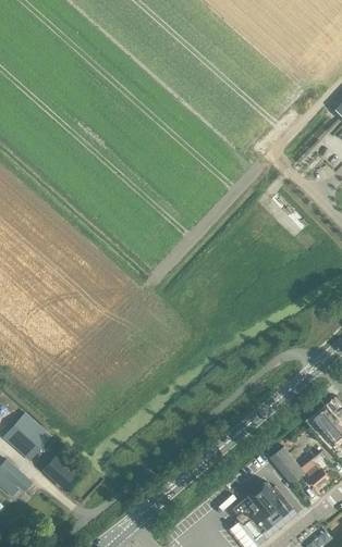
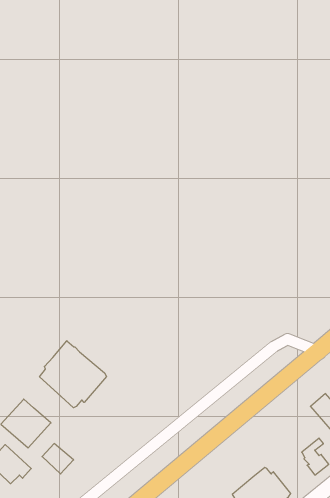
building: none -> [40,341,107,408]
building: [269,446,305,484] -> none

